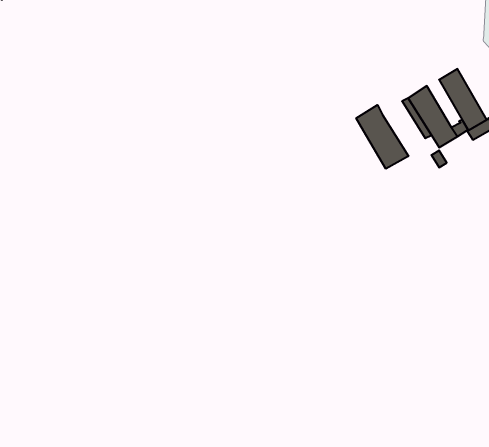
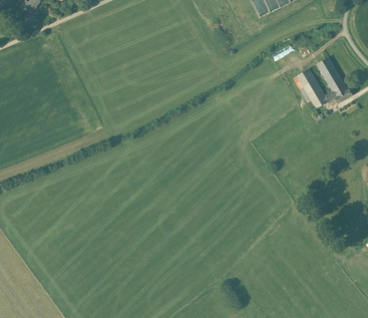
building: [356,105,408,169] -> none

